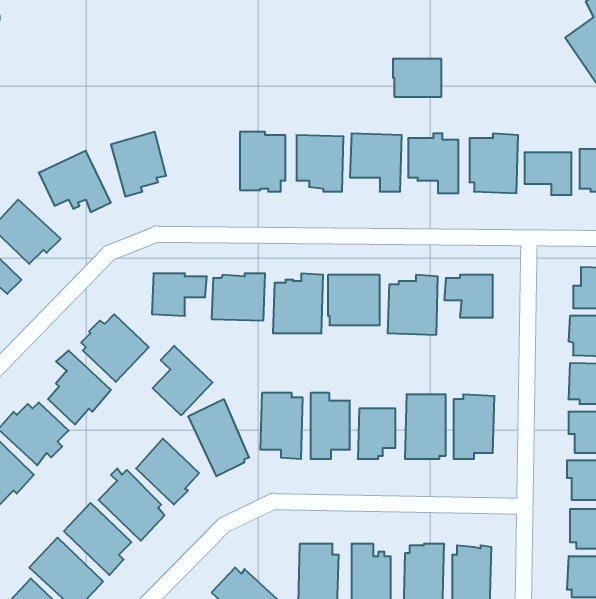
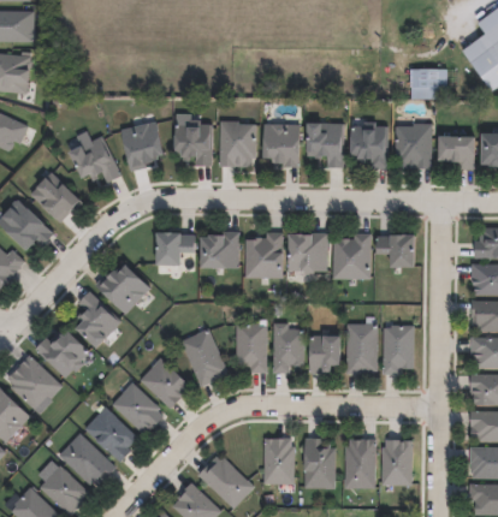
building: [393,59,441,97] -> [410,71,447,100]
building: none -> [172,121,212,167]
building: [153,346,213,415] -> none

